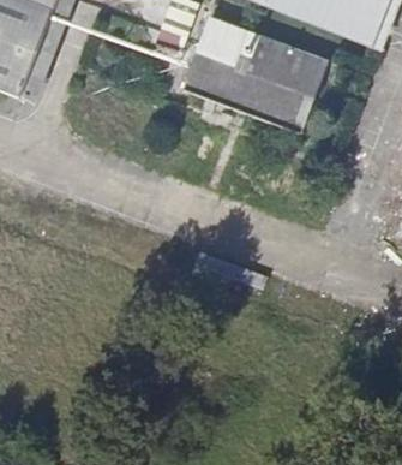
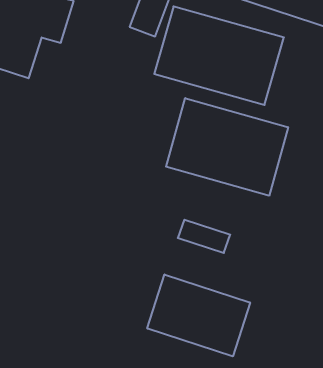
building: none -> [166,98,288,196]
building: none -> [147,274,250,356]

